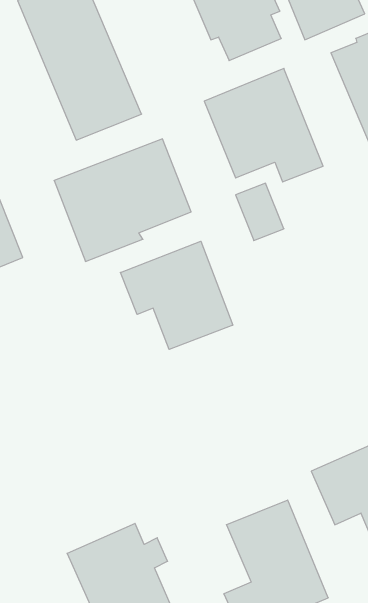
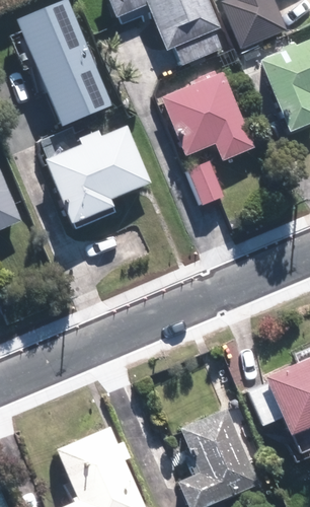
building: [120,241,233,349] -> none

